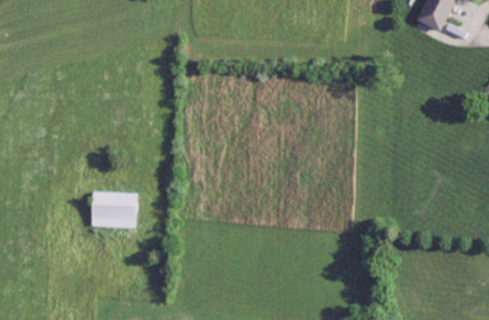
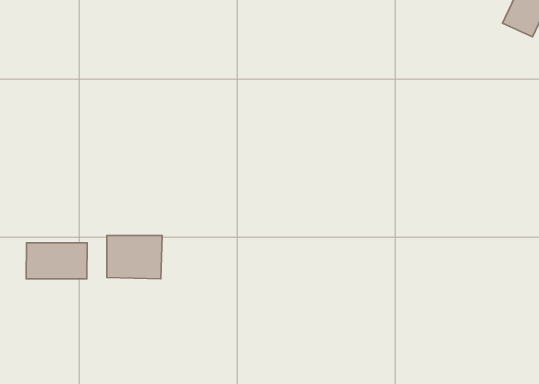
building: none -> [26,243,87,279]

